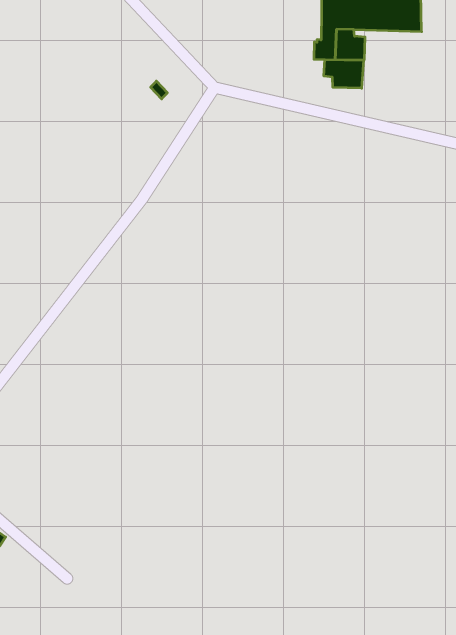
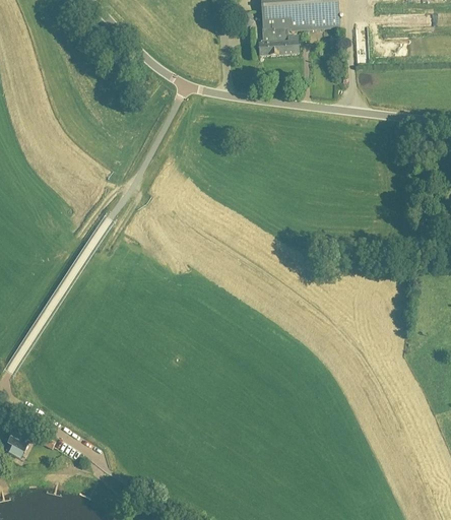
building: [324,60,364,88] -> none

